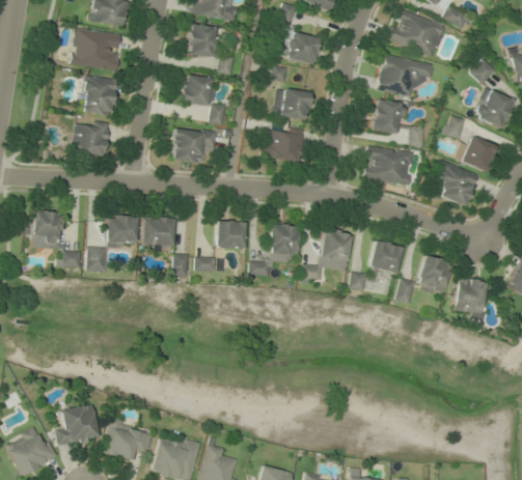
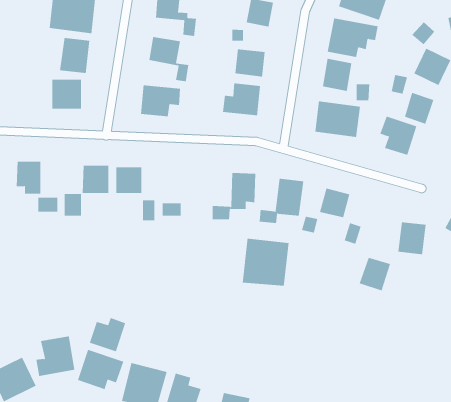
building: [217,222,245,249] -> none
building: [416,256,451,293] -> [359,257,391,291]
building: none -> [242,238,289,286]
building: none -> [89,317,126,352]

